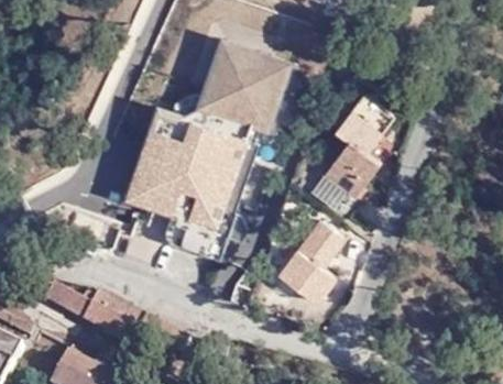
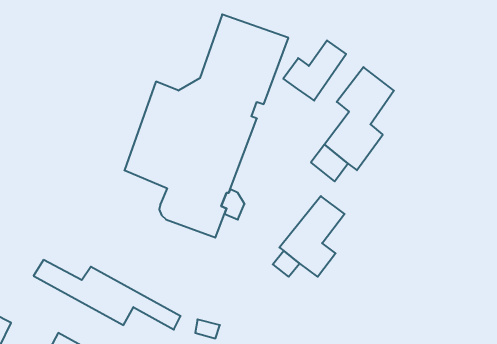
building: none -> [283,40,346,101]

